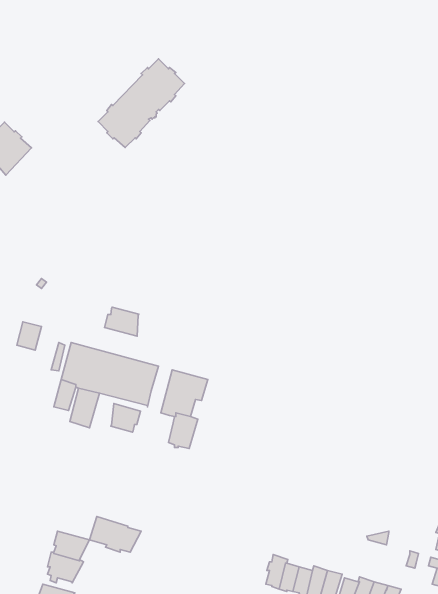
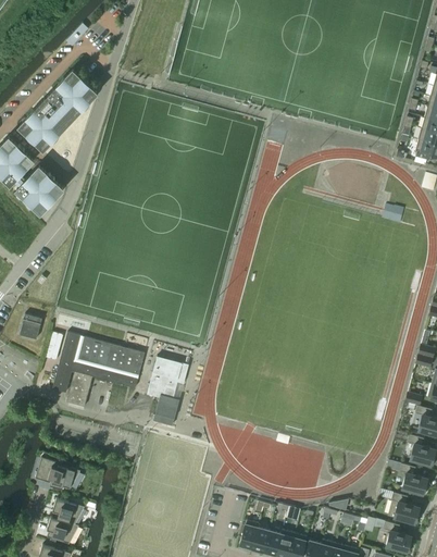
building: [98,59,184,148] -> [20,71,96,149]
building: none -> [16,166,62,213]
building: [104,307,139,336] -> none
building: [111,404,141,432] -> none
building: [90,516,141,552] -> [35,458,80,490]

